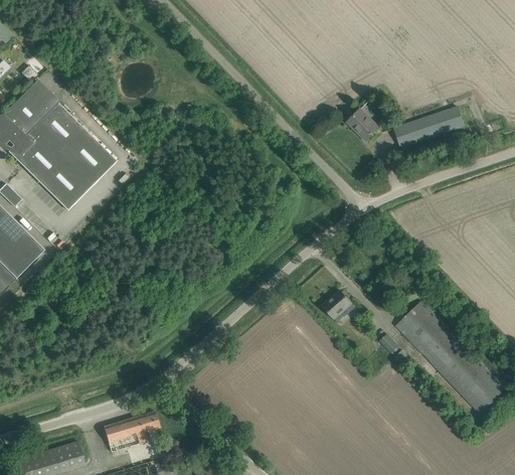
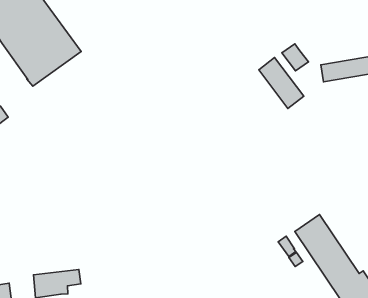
building: none -> [259,58,304,108]
building: [322,290,352,322] -> none

